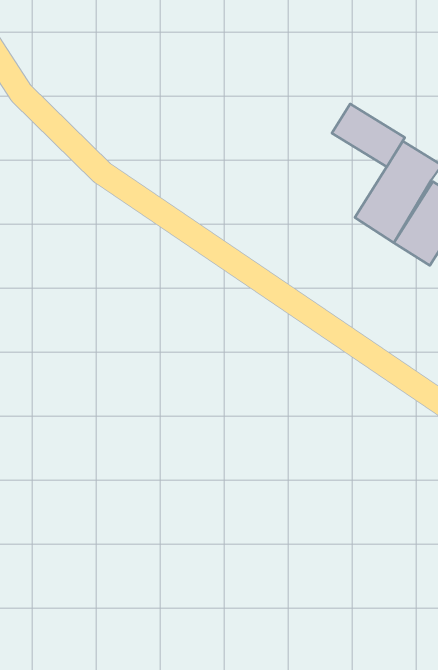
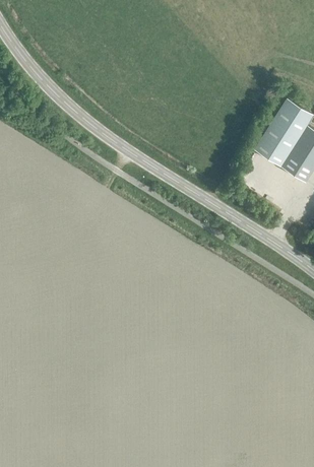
building: [332,104,405,167] -> none

